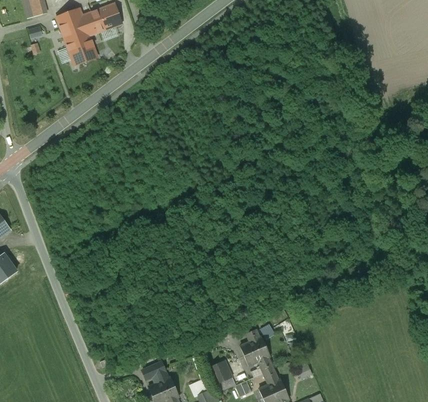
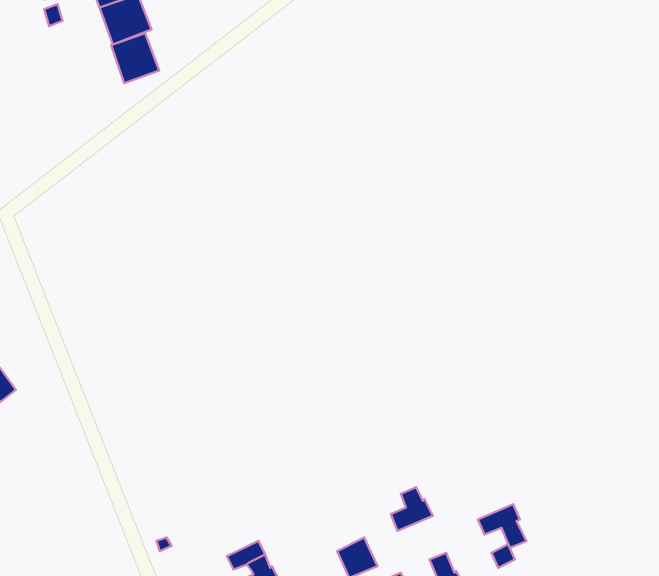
building: none -> [111,33,159,83]
building: [244,346,273,372] -> [478,504,527,548]

